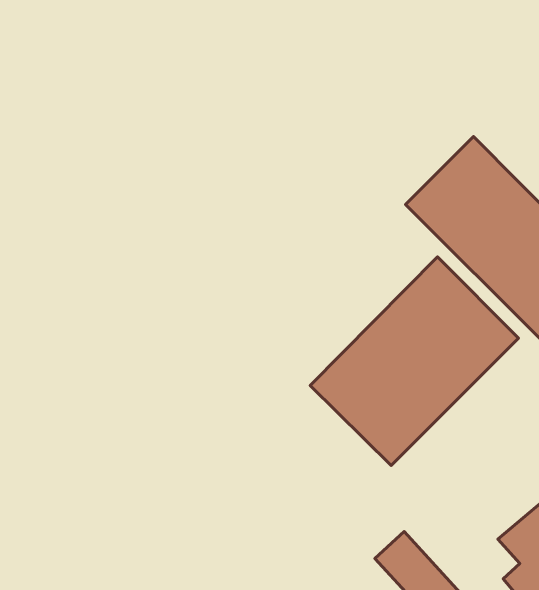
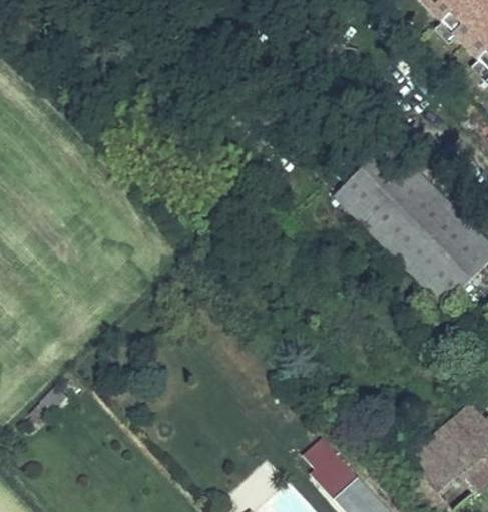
building: [310,257,519,465] -> none

